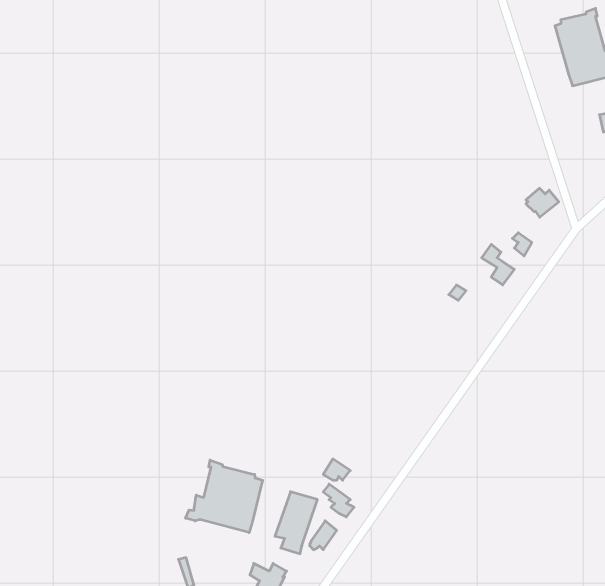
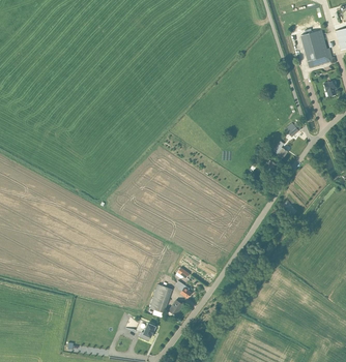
building: [186,460,263,533] -> none

